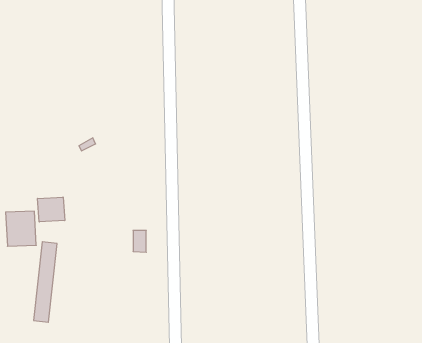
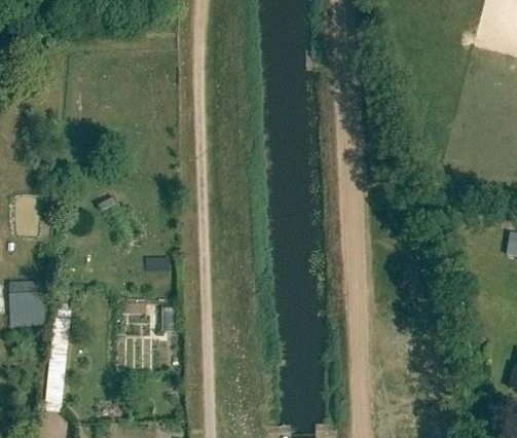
building: [38,197,65,222] -> none

